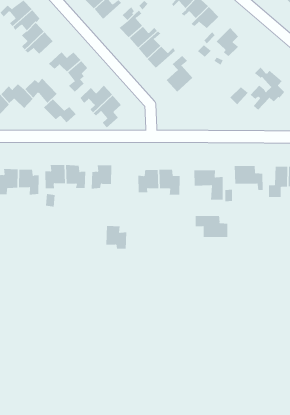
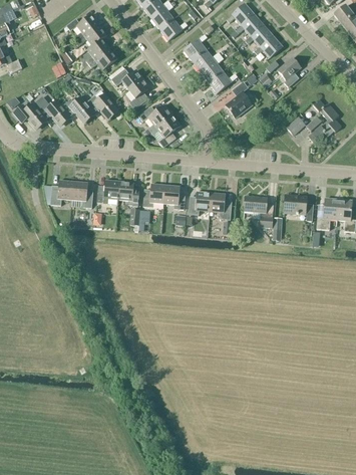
building: [43,98,76,123] -> none
building: [195,215,228,238] -> none
building: [106,225,127,249] -> [163,184,186,209]

